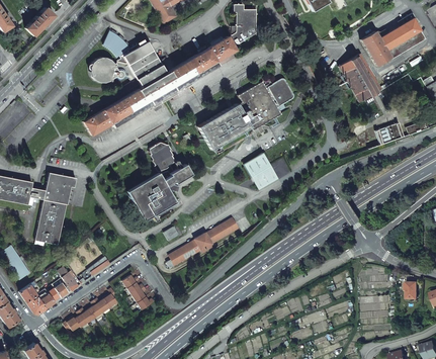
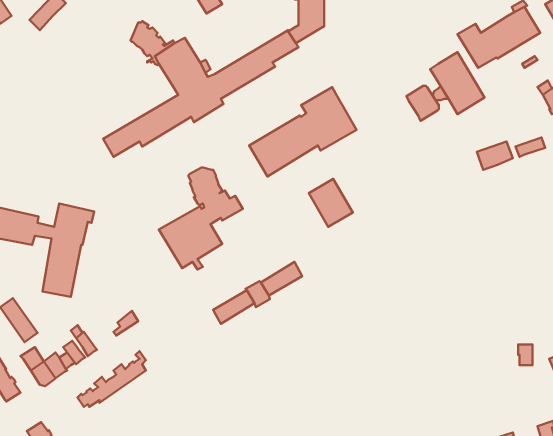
building: [89,56,137,82] -> none
building: [268,78,293,105] -> [406,86,439,121]
building: [121,274,155,308] -> none

